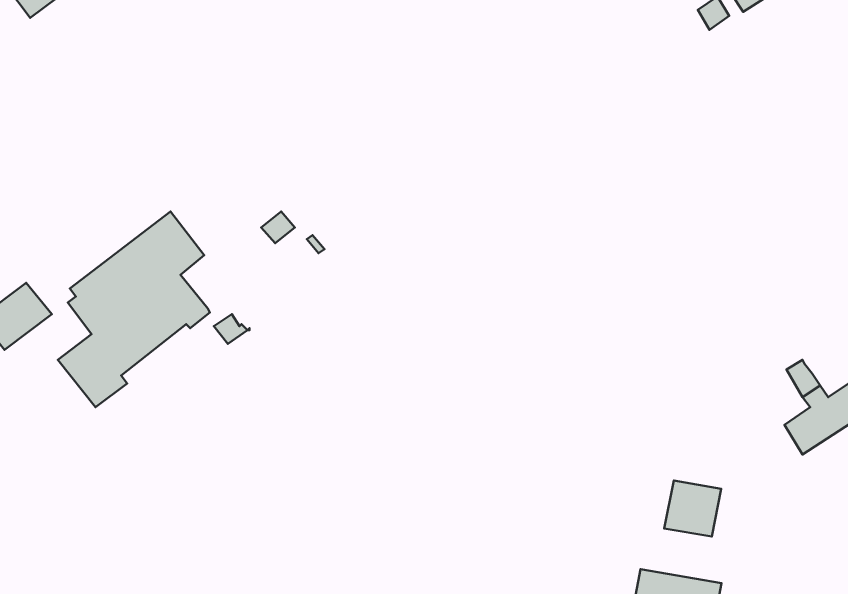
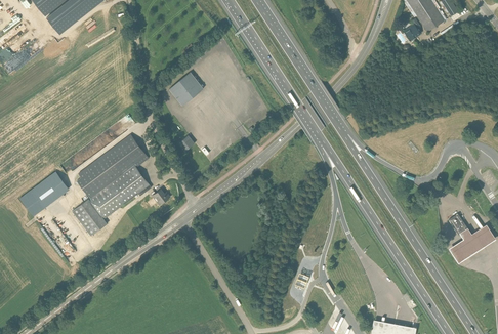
building: none -> [169,72,204,107]
building: [664,481,721,536] -> none

